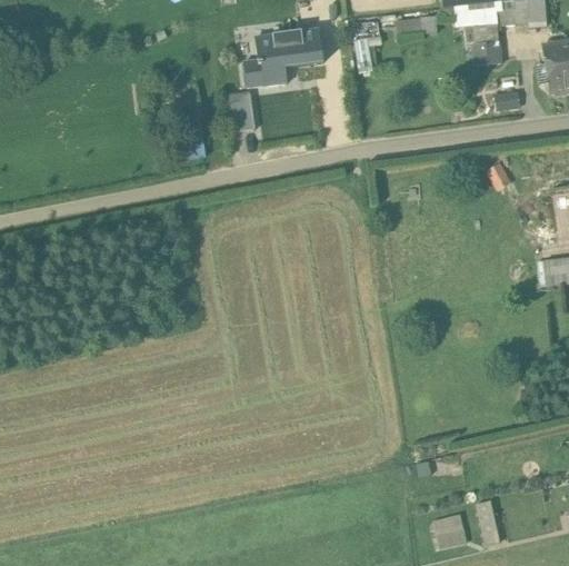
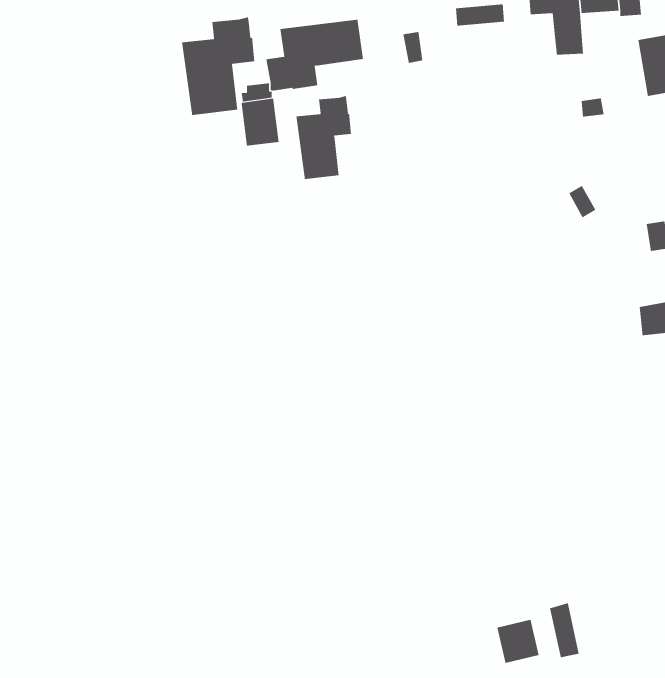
building: none -> [182,17,255,116]
building: none -> [296,95,352,180]

